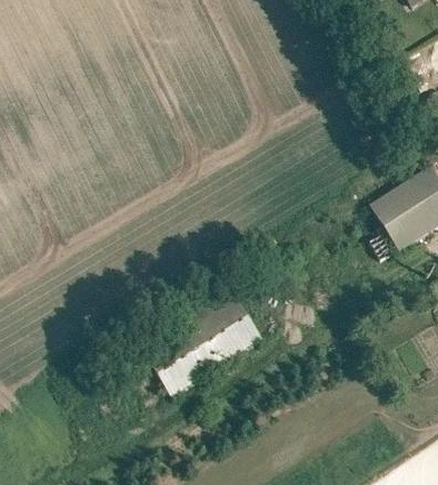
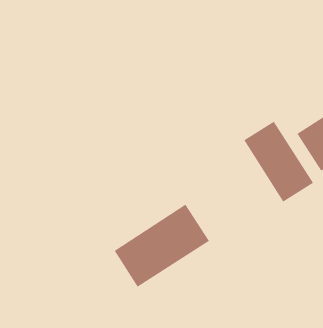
building: none -> [243,121,314,202]

